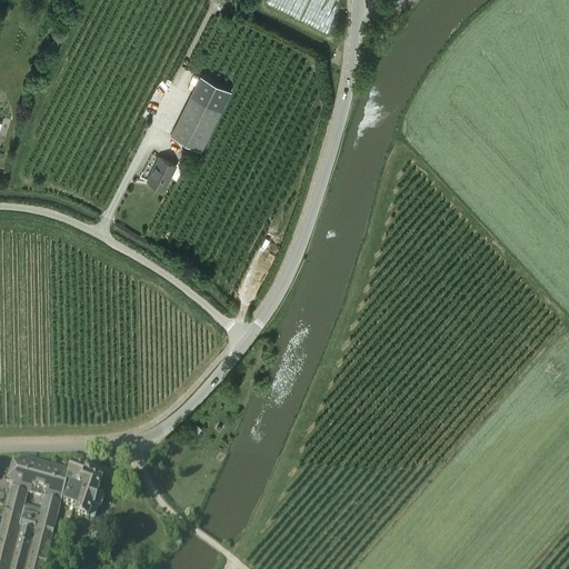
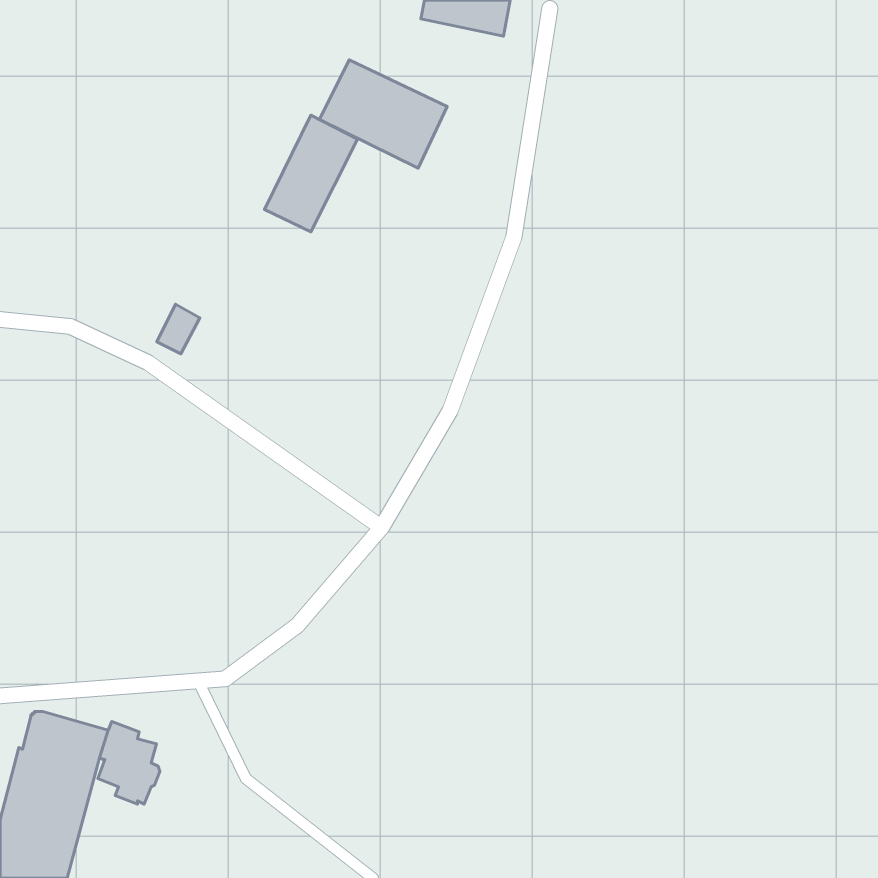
building: none -> [319,60,447,168]
building: [148,157,176,189] -> [157,304,200,354]

